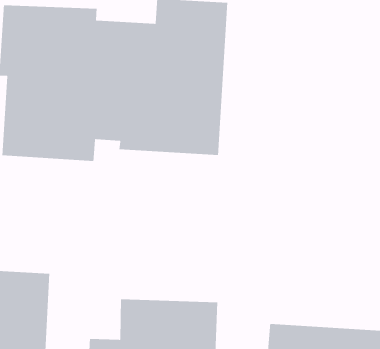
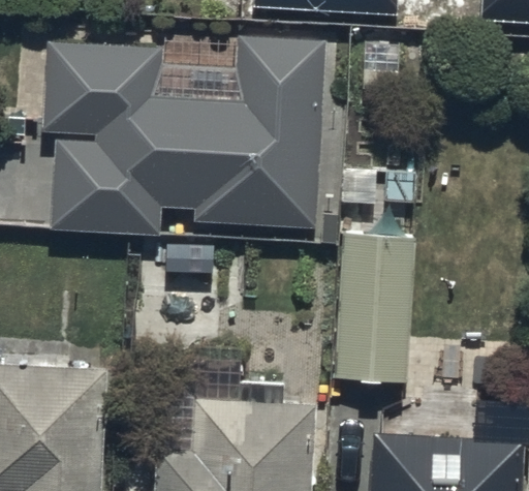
building: none -> [333,240,411,385]

